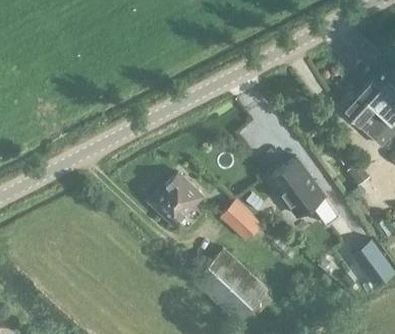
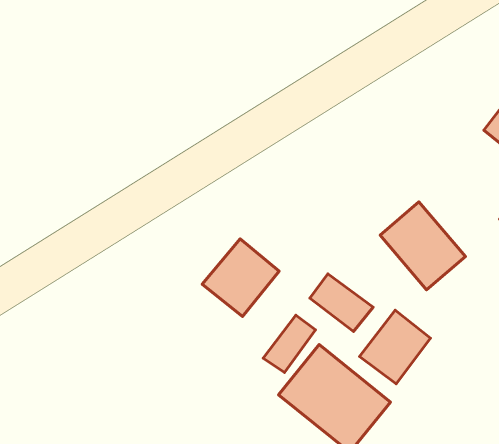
building: none -> [263,315,316,373]
building: none -> [359,310,430,384]

